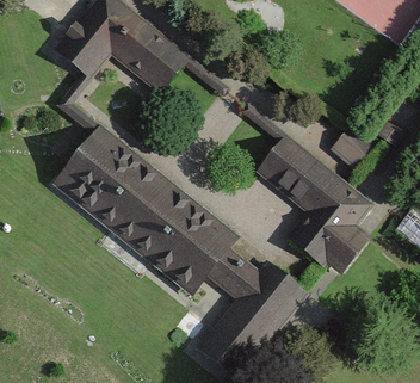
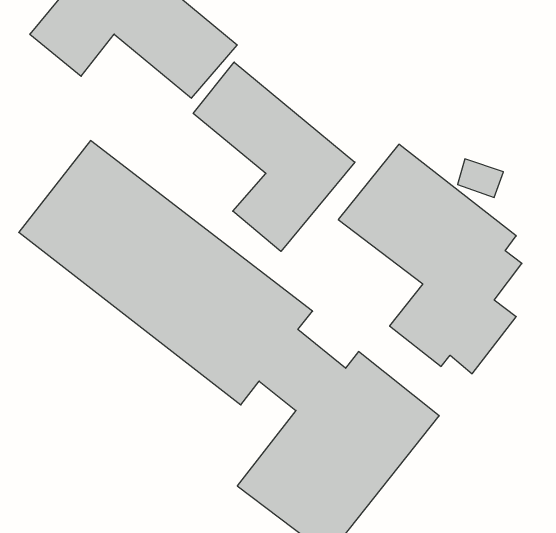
building: none -> [193,62,355,251]

